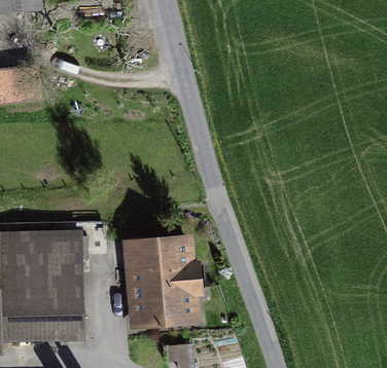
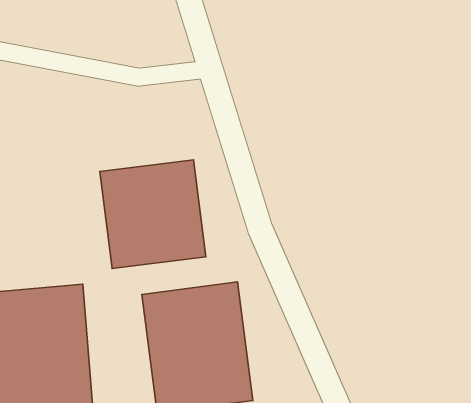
building: none -> [100,160,206,269]

